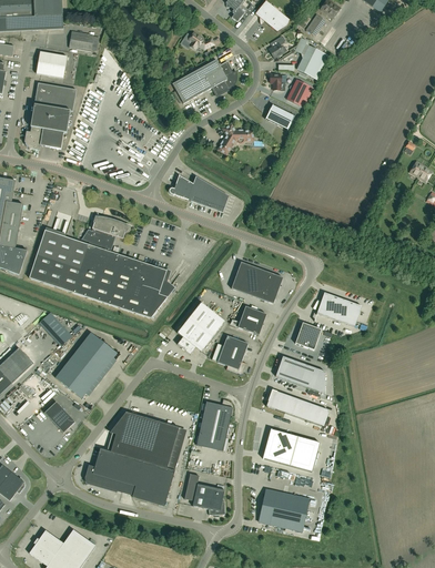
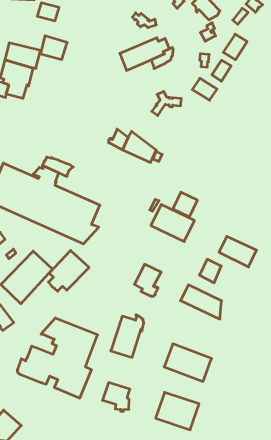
building: [37,50,68,77] -> [40,36,67,59]
building: [178,302,225,353] -> [48,250,89,291]
building: [237,305,266,334] -> [173,192,197,217]
building: [266,388,328,426] -> none

